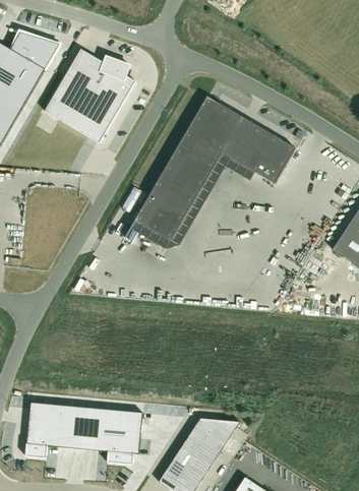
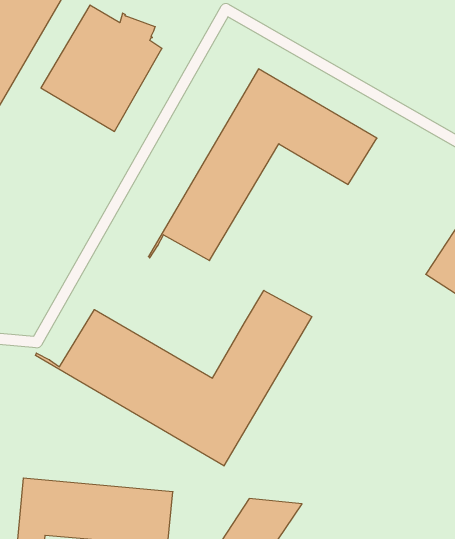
building: none -> [36,290,312,466]

